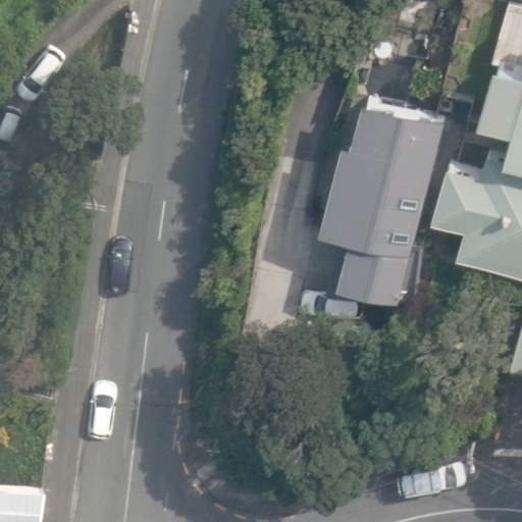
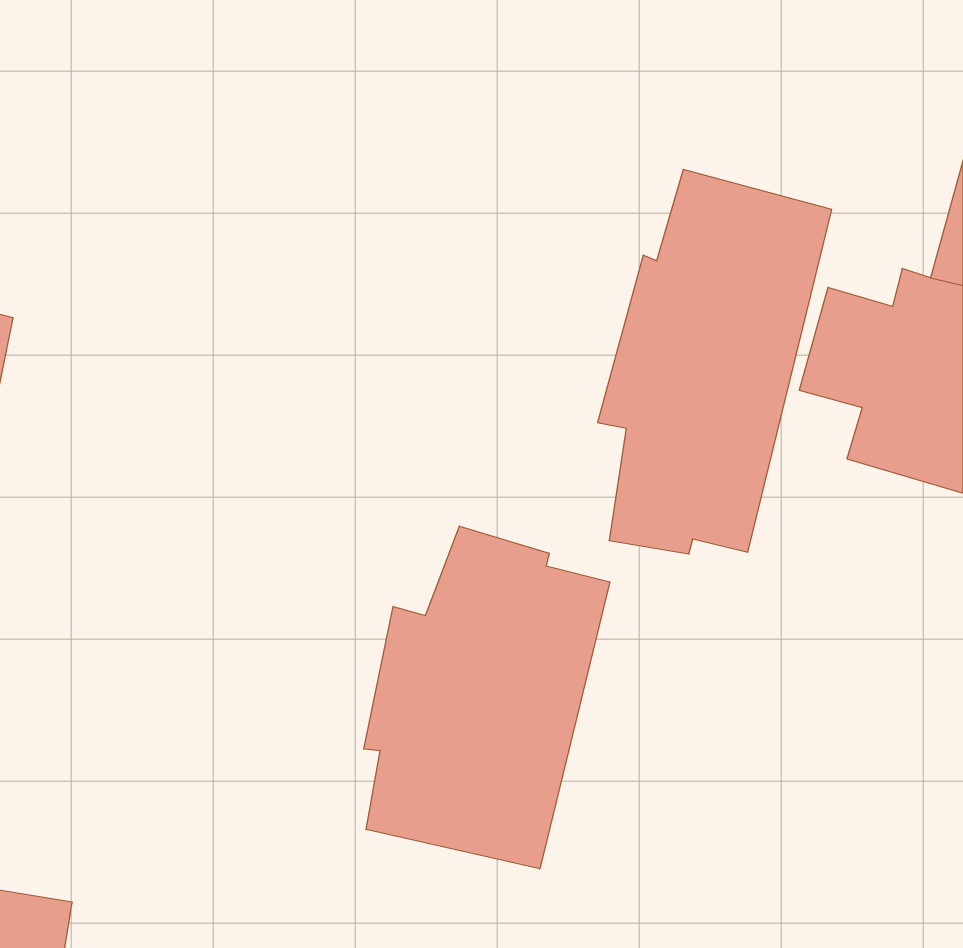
building: none -> [364,526,610,869]

